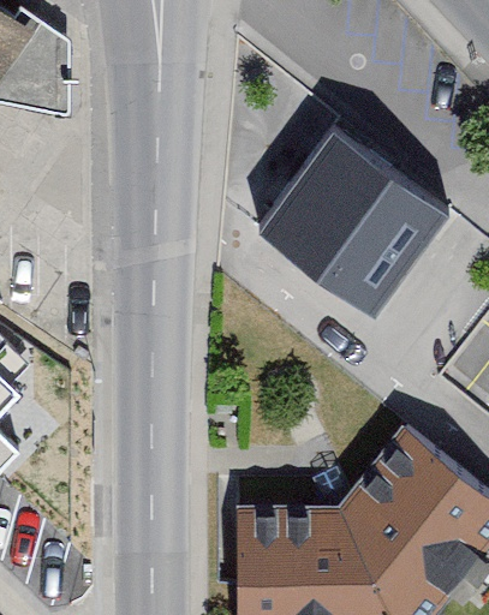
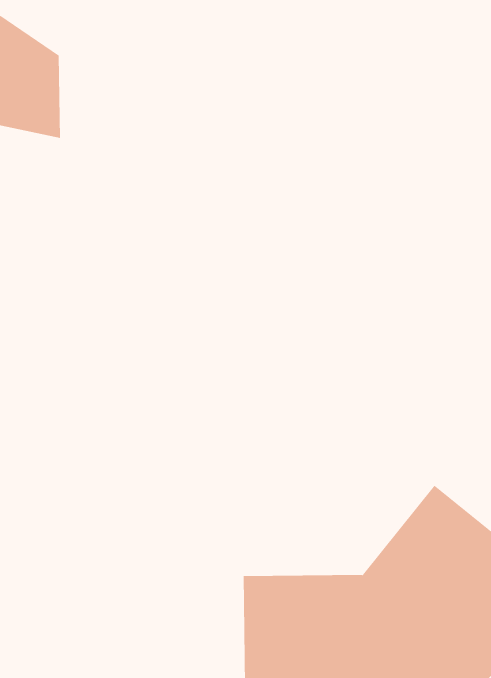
building: [225,109,423,304] -> none

